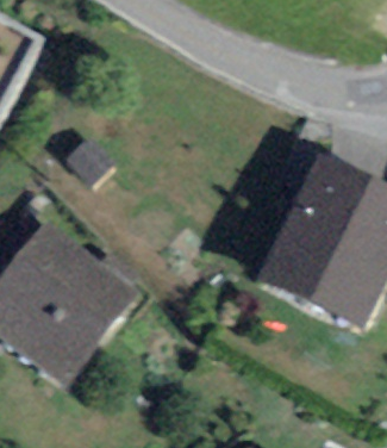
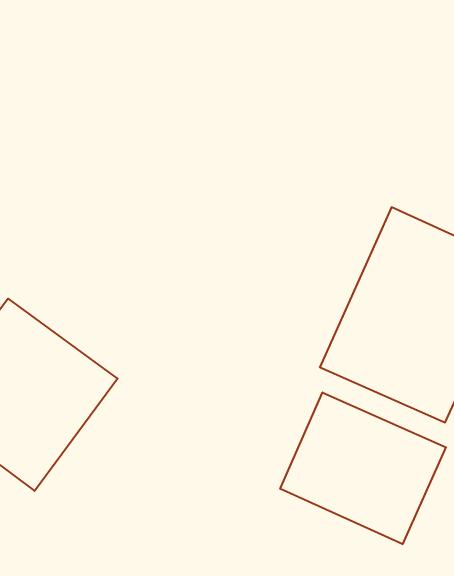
building: none -> [280,392,446,544]

